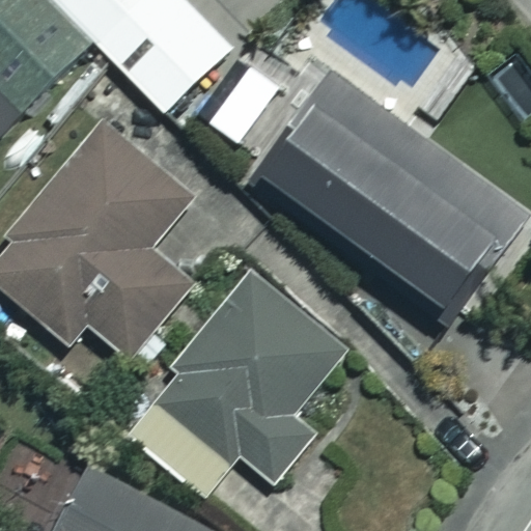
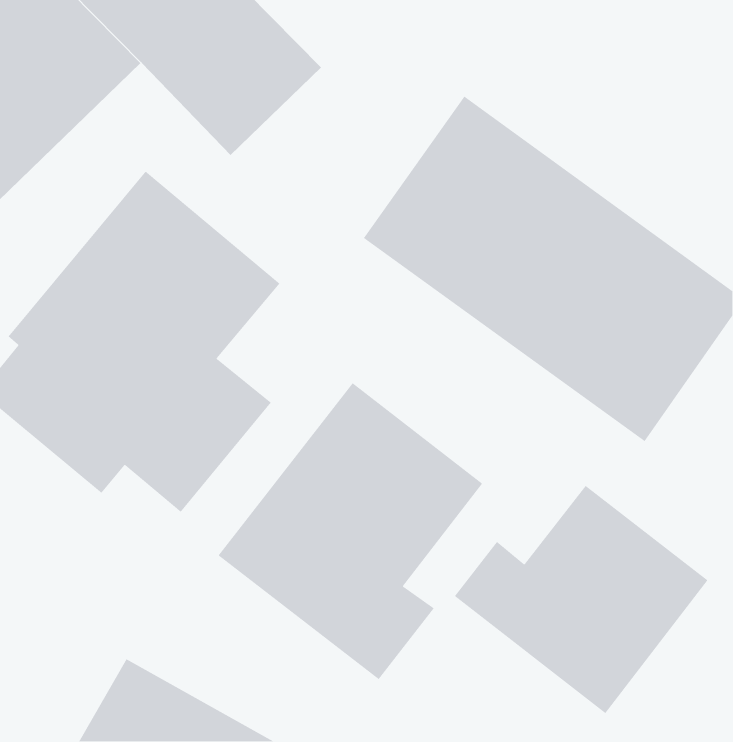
building: none -> [454,485,709,714]

